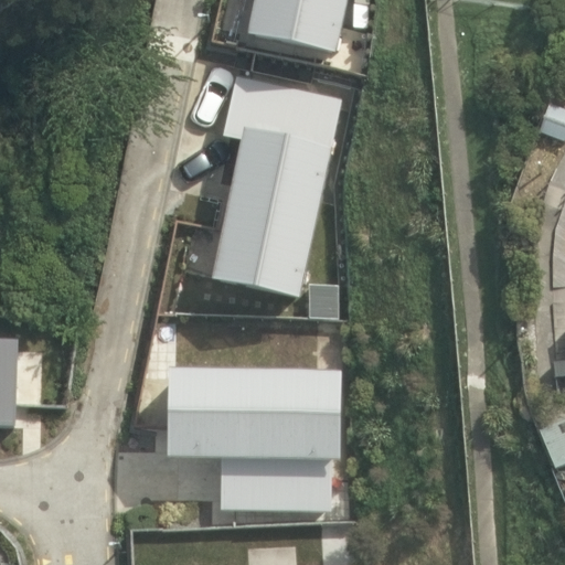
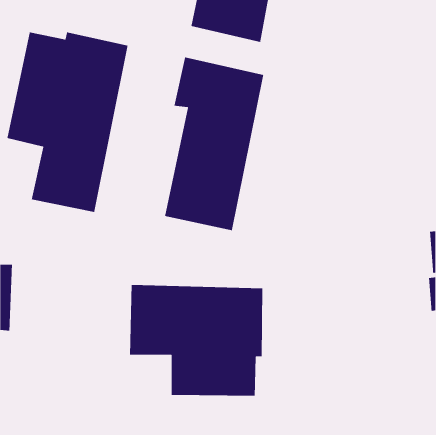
building: none -> [7,31,129,213]

